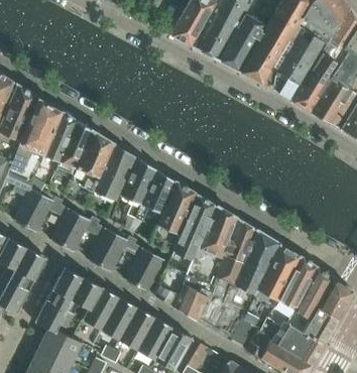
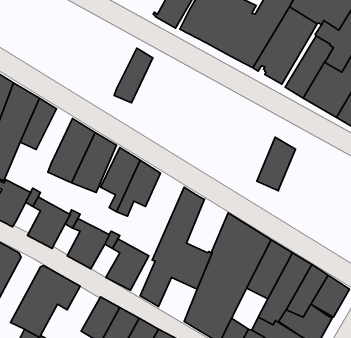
building: [56,121,93,172] -> [114,48,153,103]
building: [158,181,196,233] -> none
building: [200,206,236,256] -> [257,137,296,191]
building: [173,279,210,321] -> none
building: [82,287,119,330] -> none

